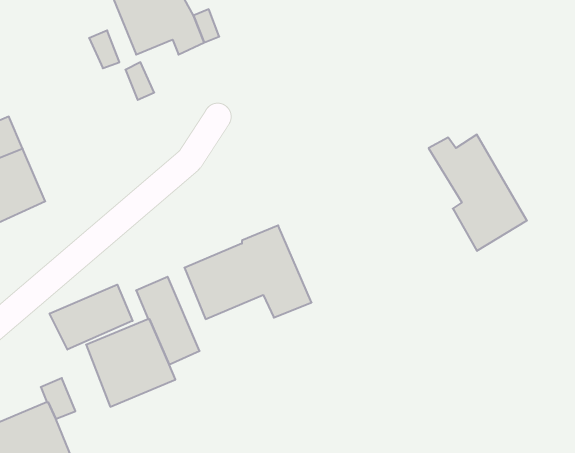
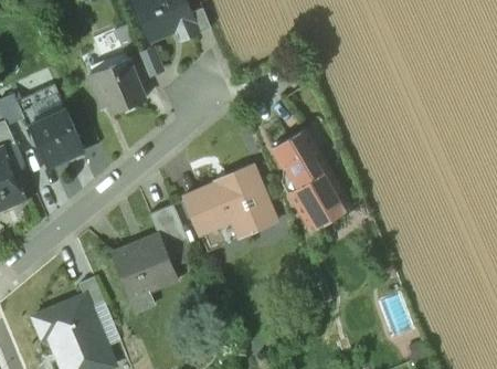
building: none -> [88,59,144,112]
building: [429,135,527,251] -> [273,138,345,223]
building: [50,285,133,350] -> none

